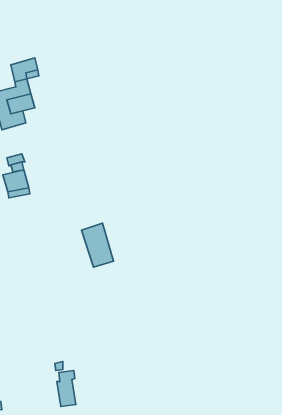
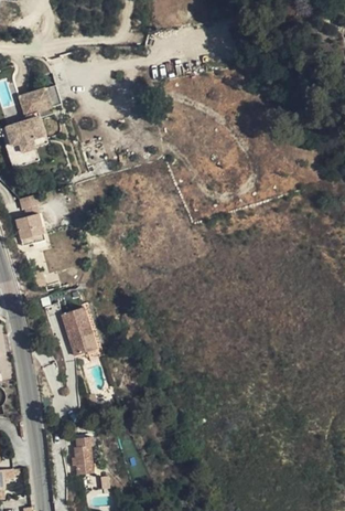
building: [82,223,113,267] -> [61,305,96,353]

